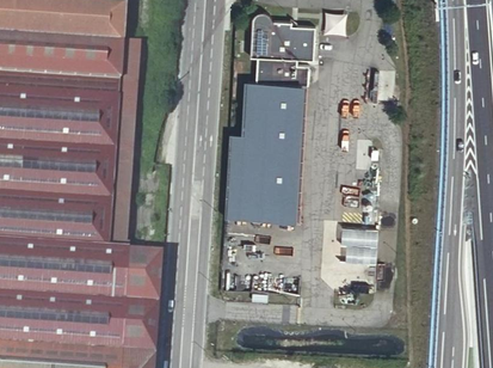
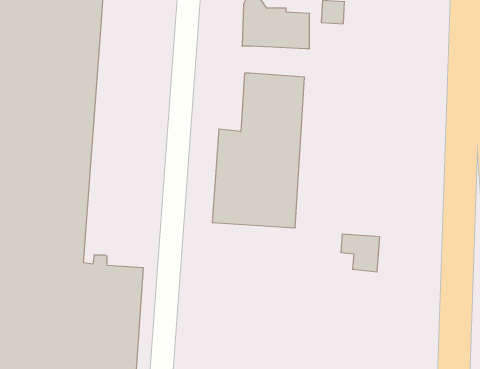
building: [105,43,137,254] -> none
building: [258,54,309,82] -> none

